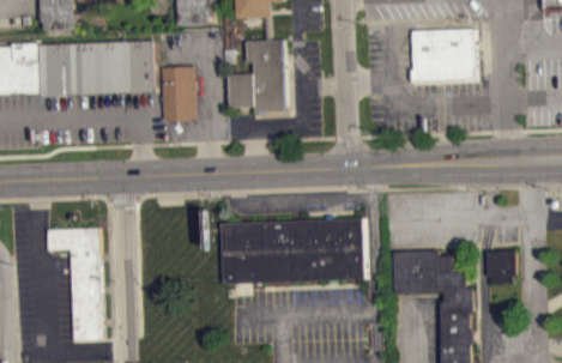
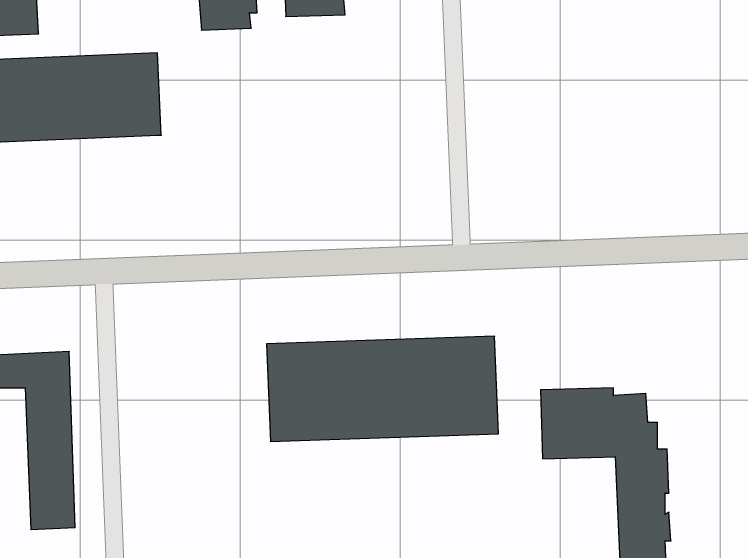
building: [410,29,475,83] -> none
building: [229,40,284,113] -> none
building: [161,67,198,120] -> none
building: [485,249,516,283] -> none

